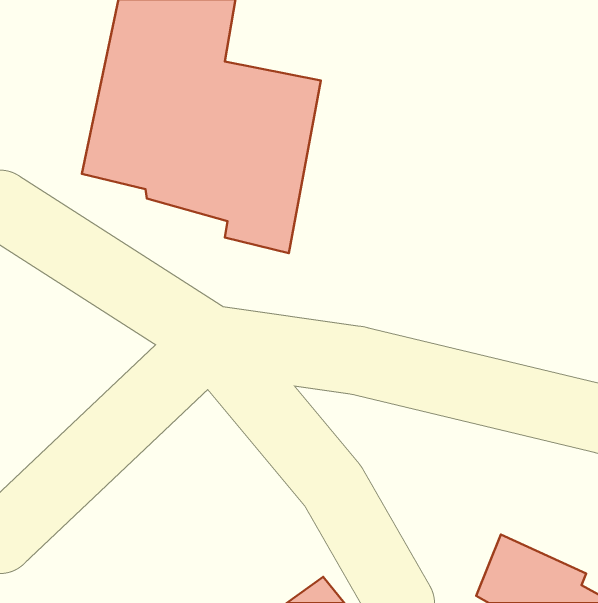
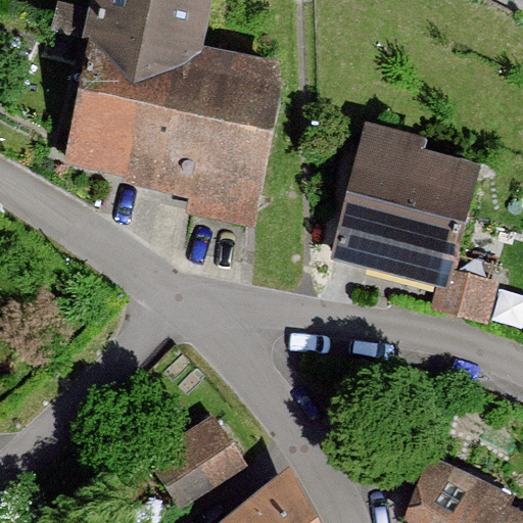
building: none -> [324,132,477,291]
building: none -> [140,413,244,514]

